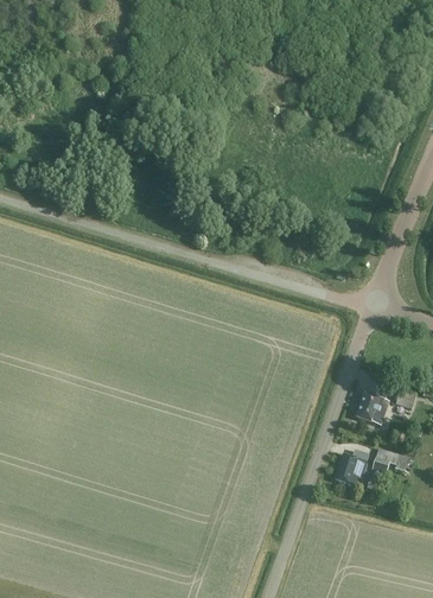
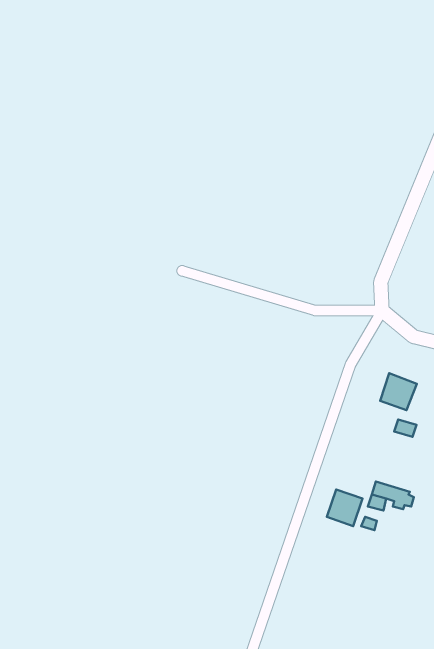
building: [356,390,389,424] -> [380,373,417,410]

